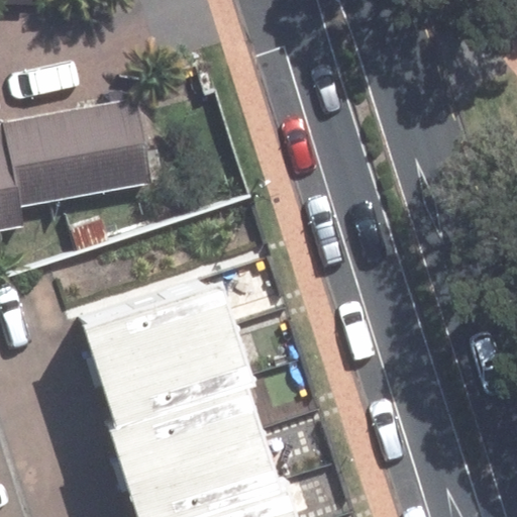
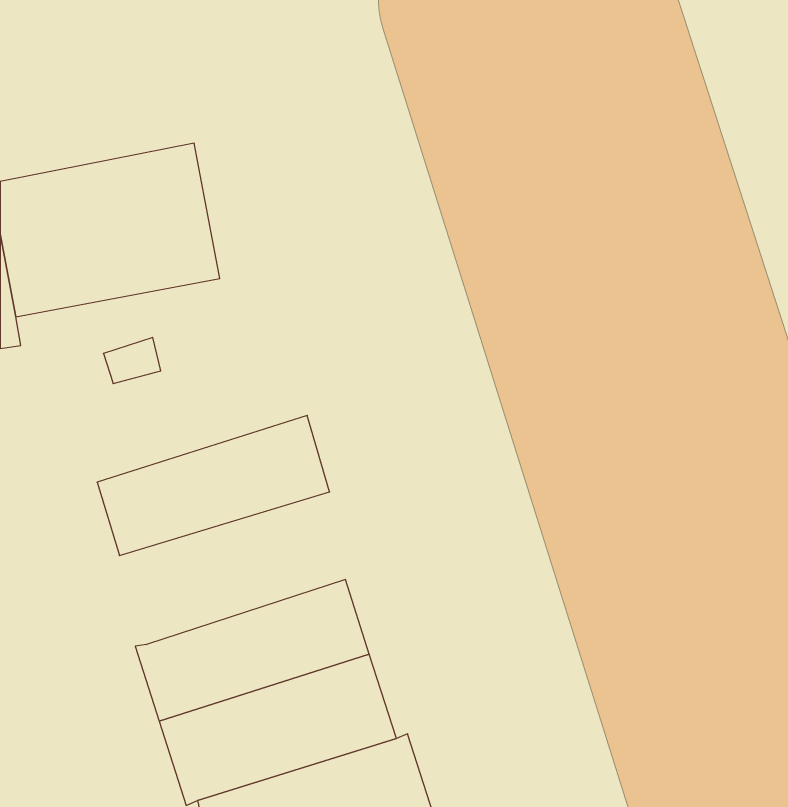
building: [92,316,242,413] -> none

